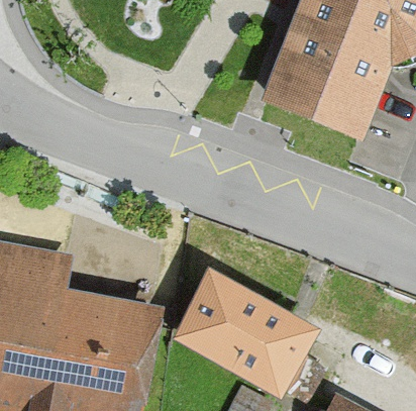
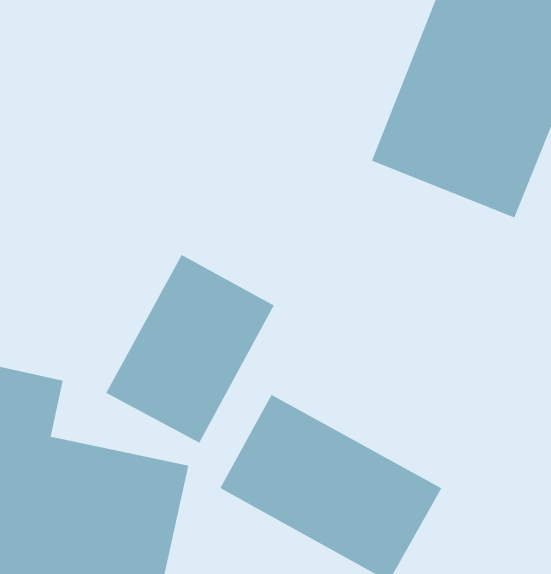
building: none -> [105,254,274,444]

